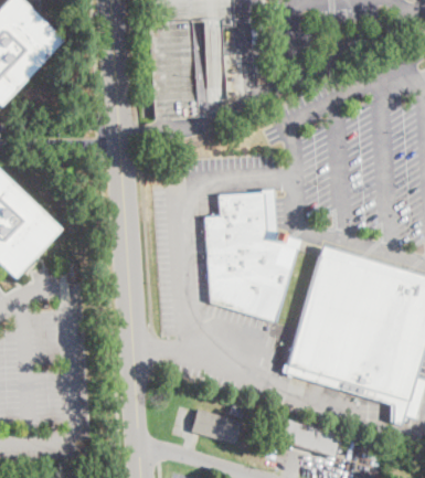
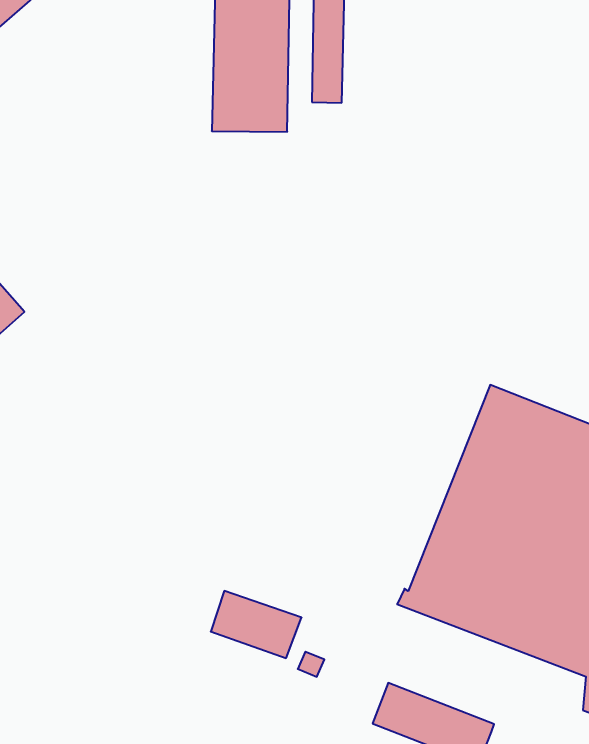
building: [204,189,300,322] -> none
building: [192,408,242,443] -> [211,591,302,658]

